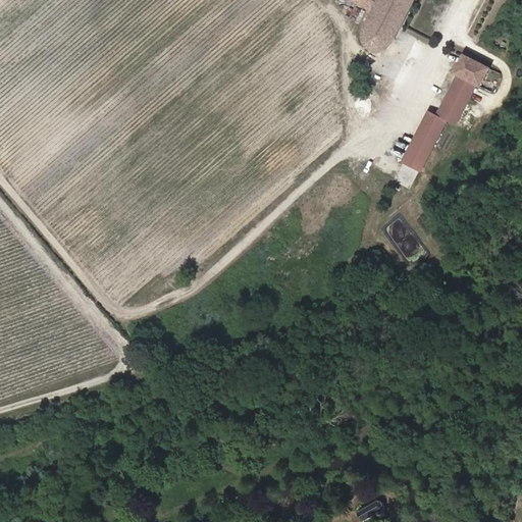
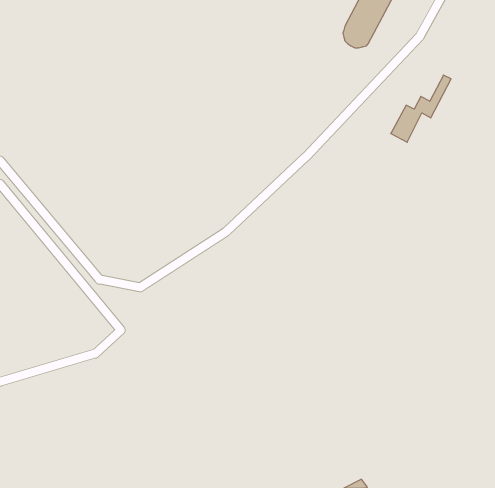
building: [443,54,487,106] -> none
building: [401,140,429,170] -> none

